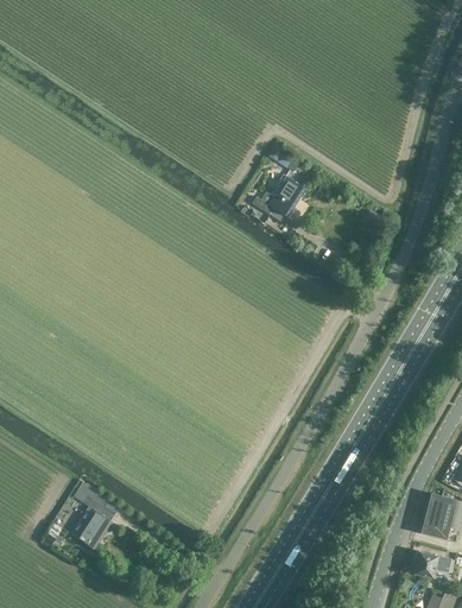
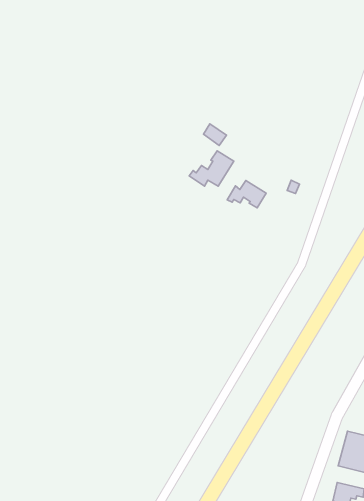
building: none -> [227,181,266,208]
building: [71,481,115,549] -> none

